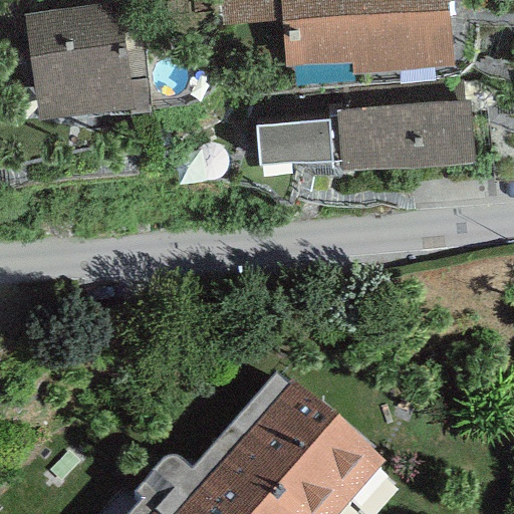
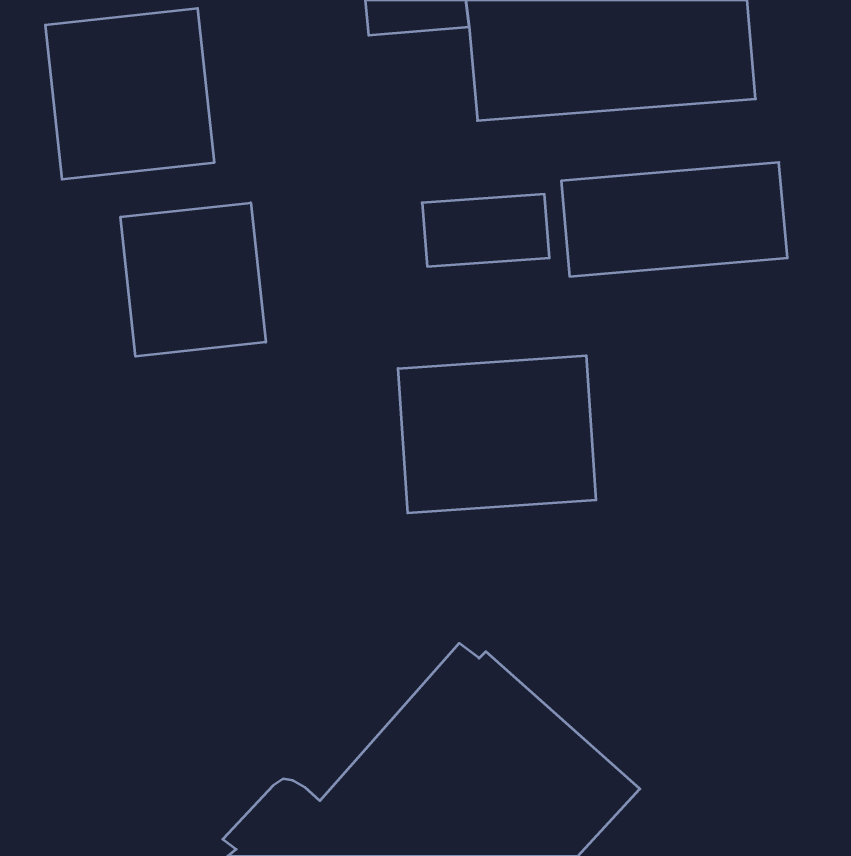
building: none -> [121,203,266,356]
building: none -> [398,356,596,513]

